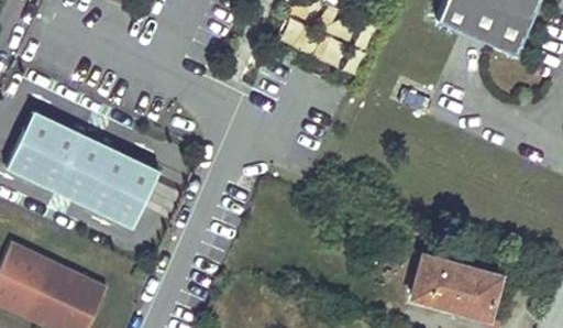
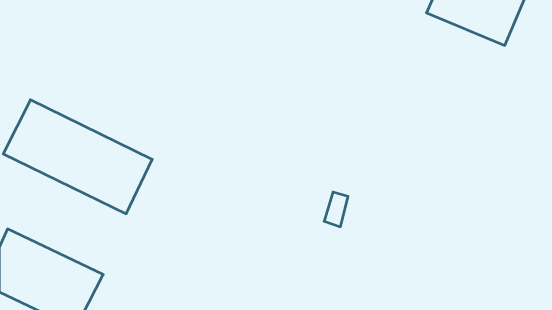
building: [411,254,499,316] -> none

